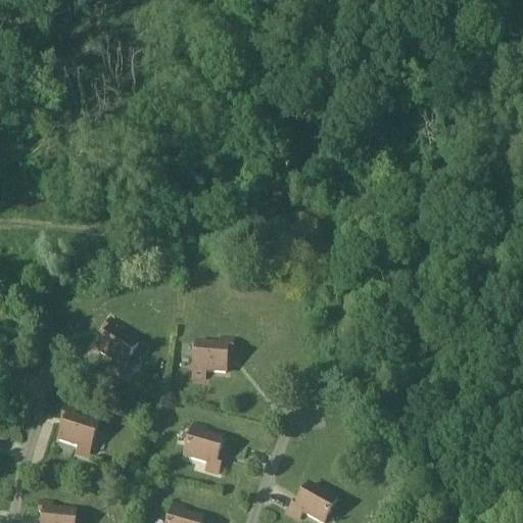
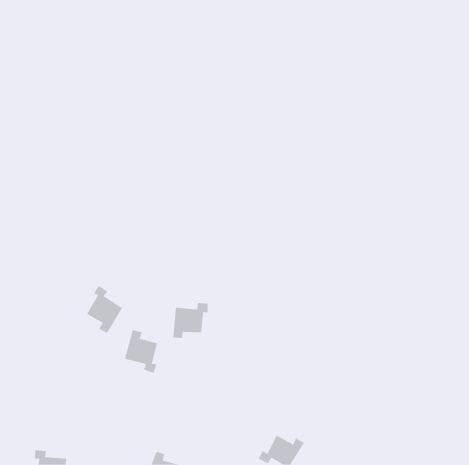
building: [58,406,97,456] -> none
building: [184,423,222,472] -> [124,329,158,373]

